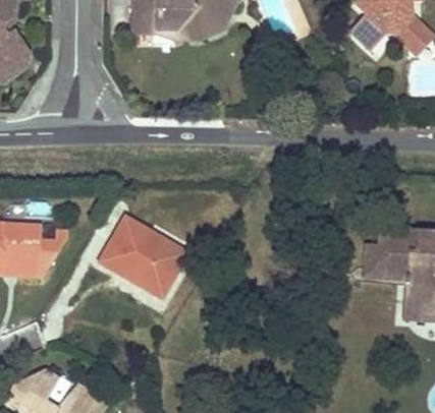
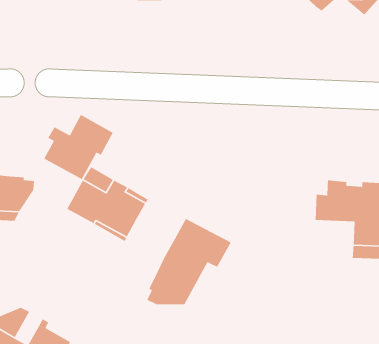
building: none -> [43,114,114,180]
building: none -> [146,218,232,305]

